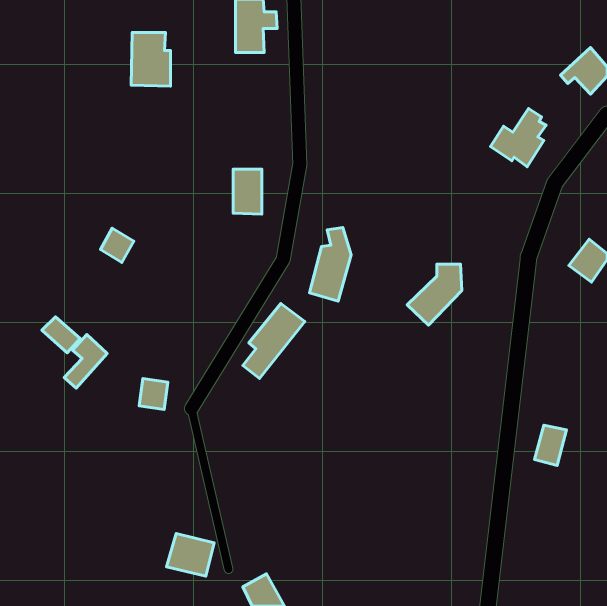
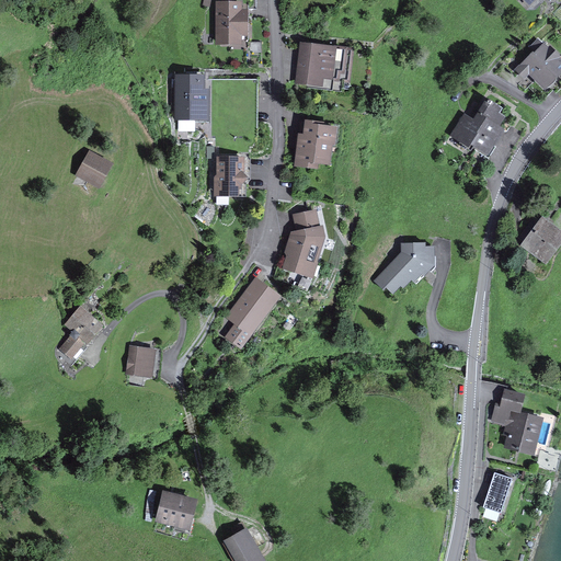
building: [131,33,170,86] -> [172,71,208,121]
building: none -> [295,42,336,88]
building: none -> [298,122,344,168]
building: [100,228,134,263] -> [78,152,108,184]
building: [42,317,80,353] -> none
building: none -> [507,412,541,455]
building: none -> [482,473,511,512]

